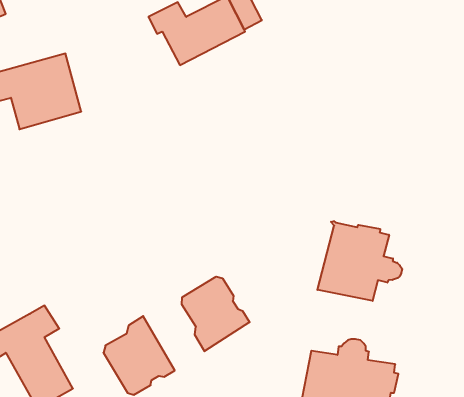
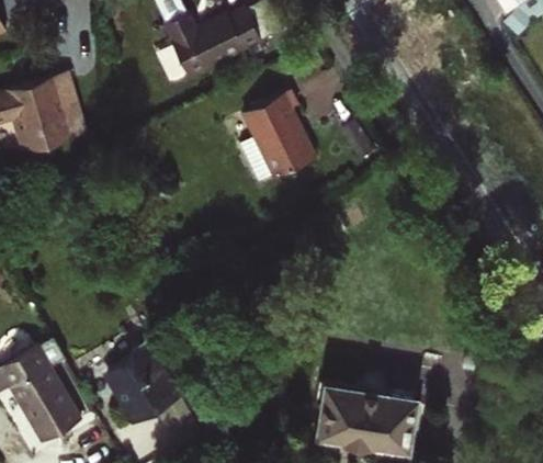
building: none -> [242,93,316,181]
building: [317,221,402,301] -> none
building: [182,277,250,351] -> none

